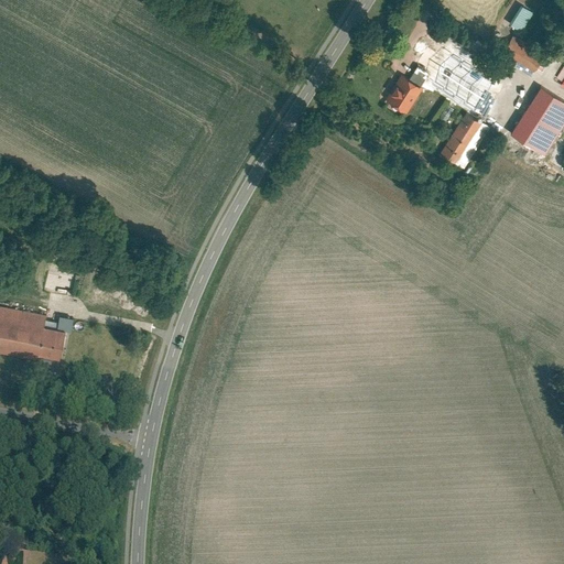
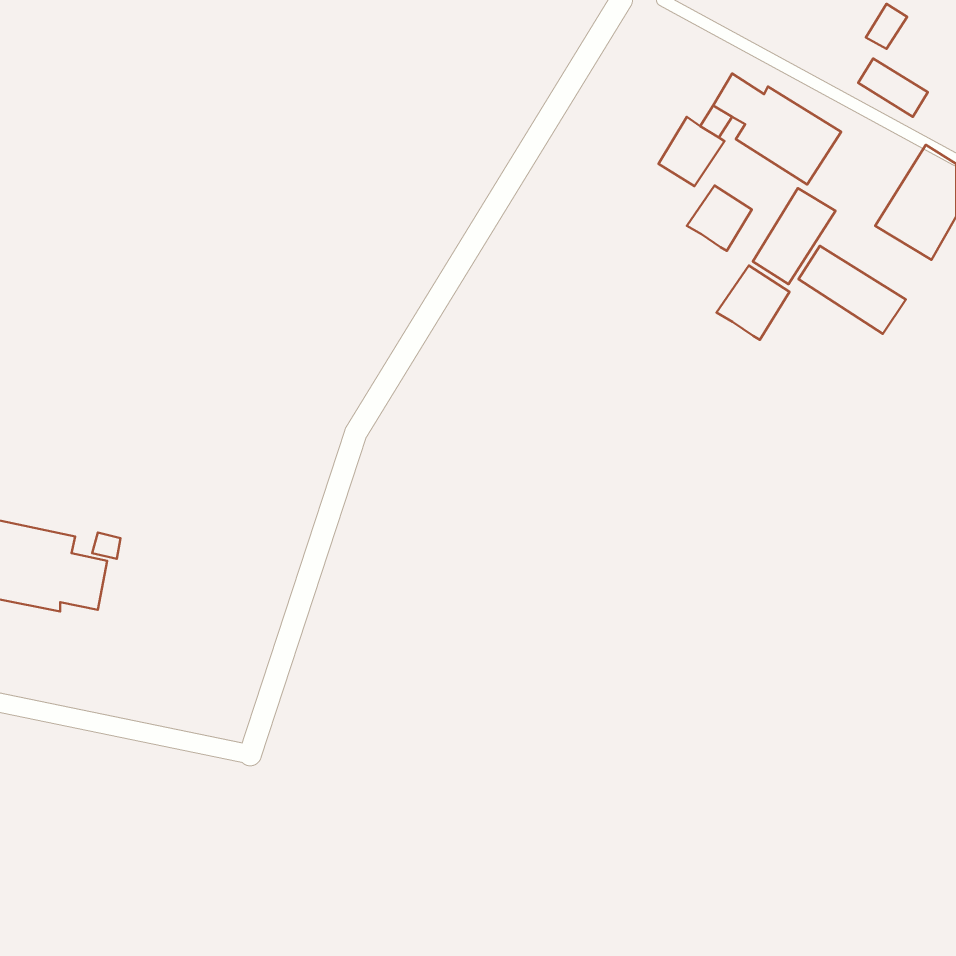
building: none -> [687,186,752,251]
building: none -> [799,246,906,334]
building: none -> [716,265,789,340]

